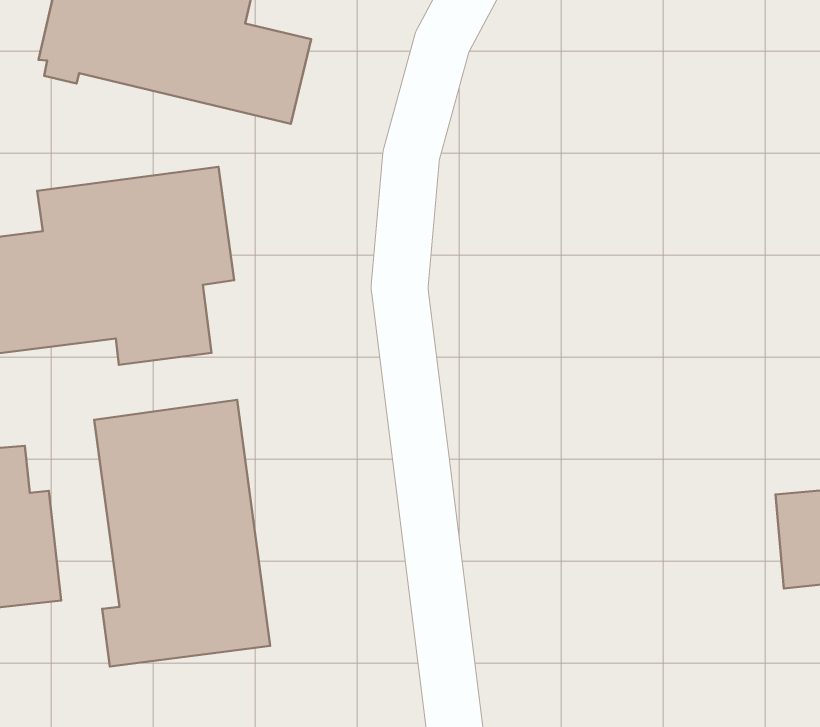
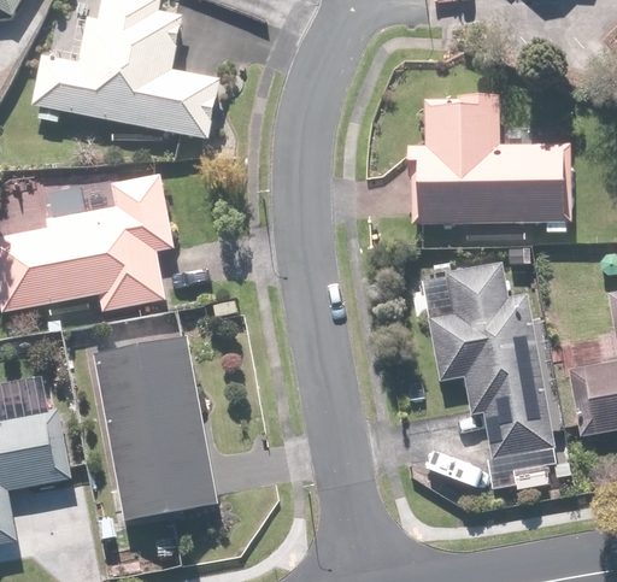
building: none -> [407,96,569,231]
building: none -> [405,259,553,490]

